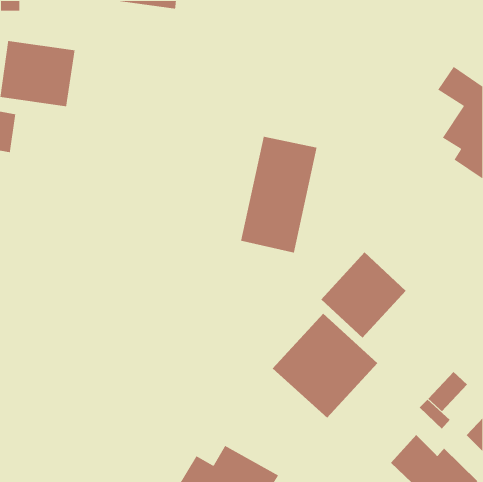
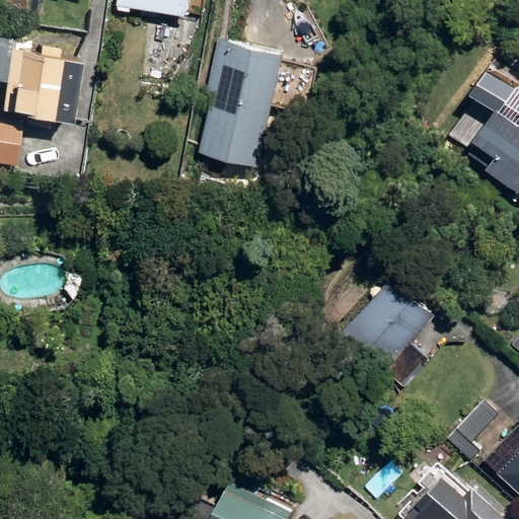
building: [240,136,318,253] -> [204,41,286,165]
building: [272,313,378,419] -> none

